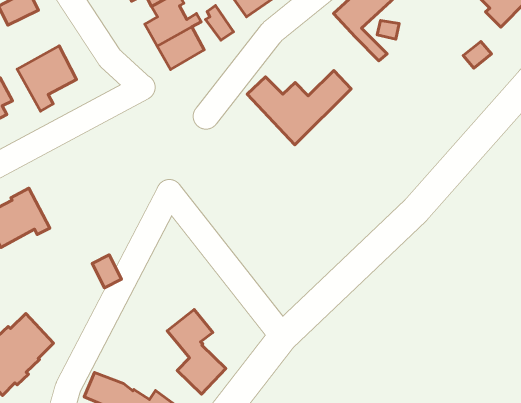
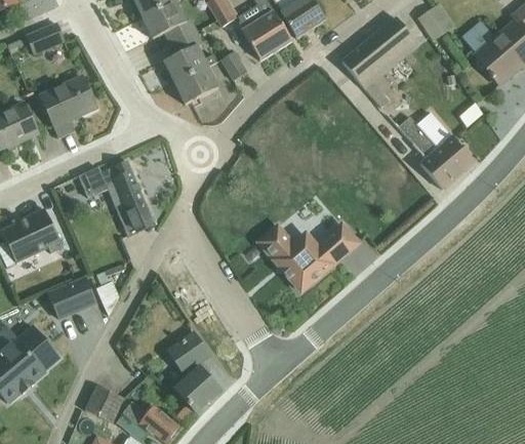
building: none -> [398,112,474,190]
building: [247,70,351,145] -> [258,224,357,291]
building: none -> [79,161,154,235]
building: none -> [48,278,96,317]

